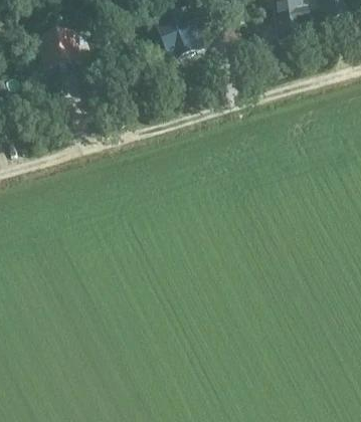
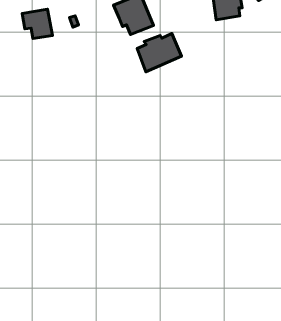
building: none -> [137,34,182,72]

